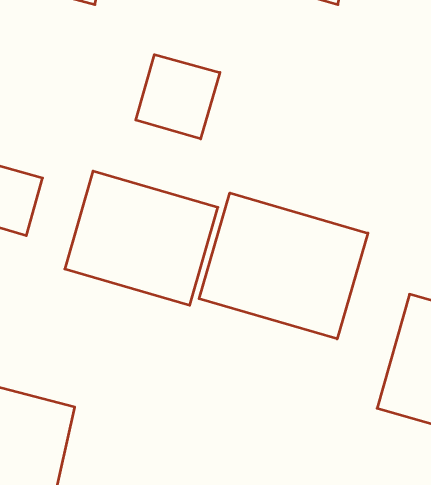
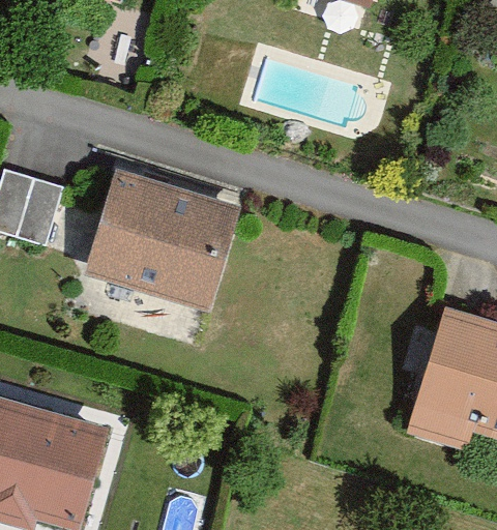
building: [136,55,220,139] -> none
building: [199,193,368,339] -> none

